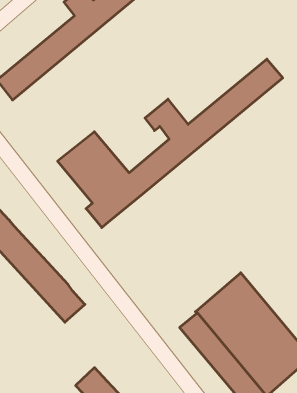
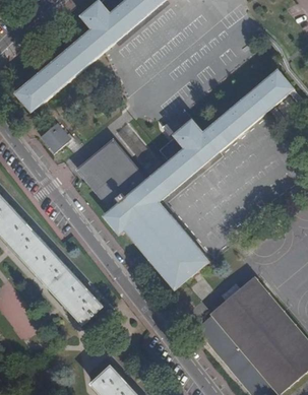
building: none -> [39,121,69,151]
building: none -> [124,199,207,286]

